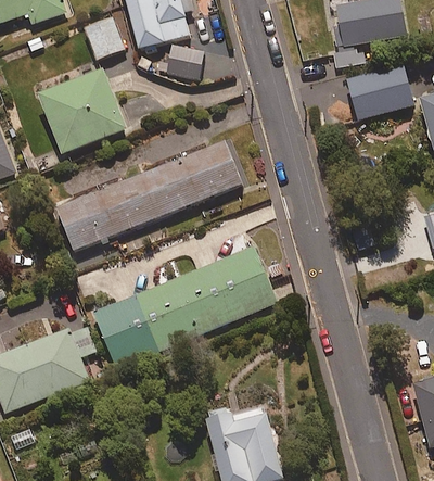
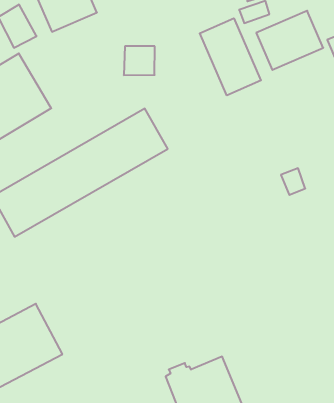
building: [166,47,202,80] -> [124,46,155,75]
building: none -> [200,18,261,95]
building: [91,244,276,369] -> none

